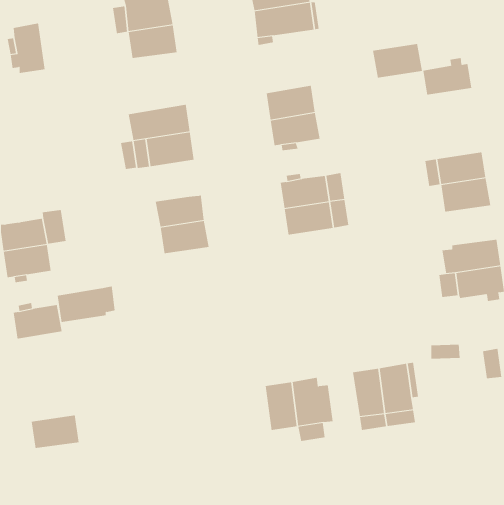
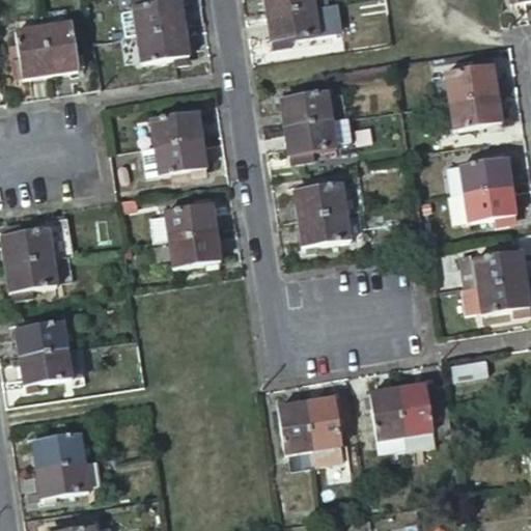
building: none -> [44,20,79,73]
building: [372,43,423,78] -> [449,92,502,129]
building: [57,286,115,322] -> [21,344,82,383]
building: none -> [39,463,90,497]

